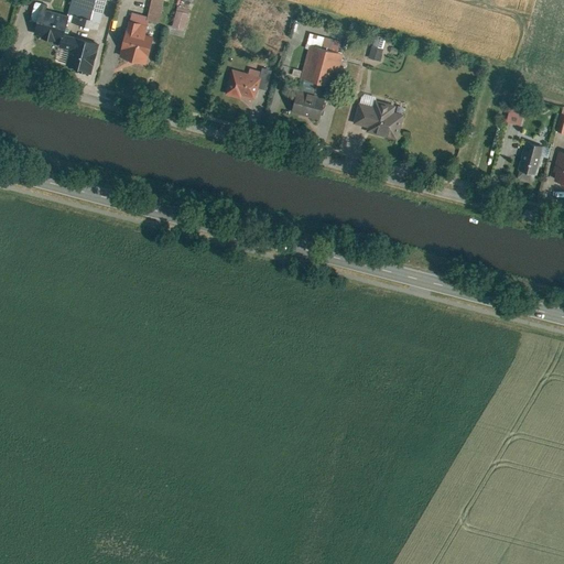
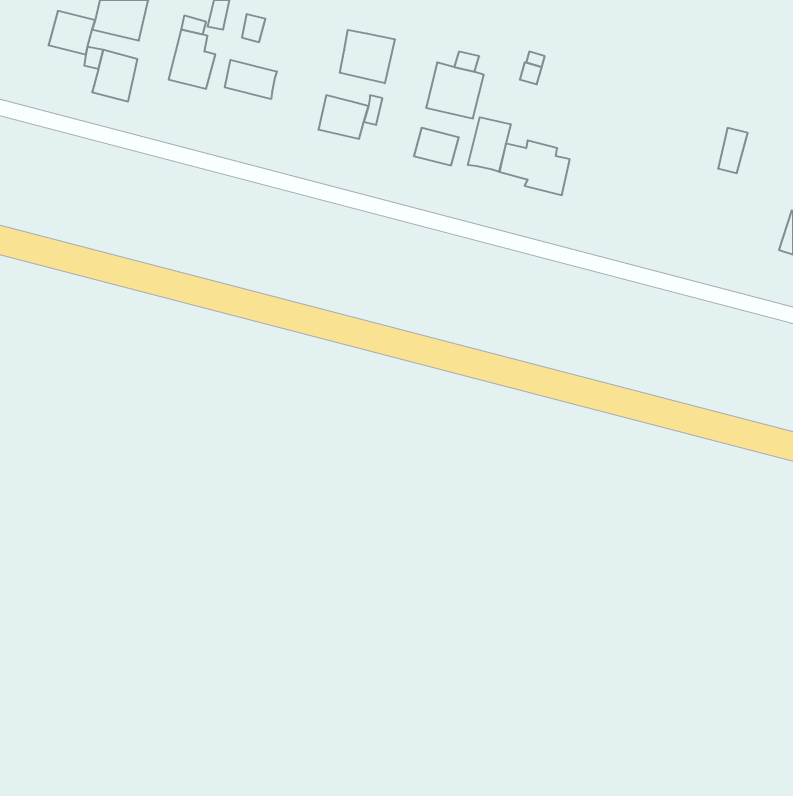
building: none -> [340,30,395,83]
building: none -> [225,60,277,99]
building: none -> [468,117,511,172]
building: [517,141,543,174] -> none

